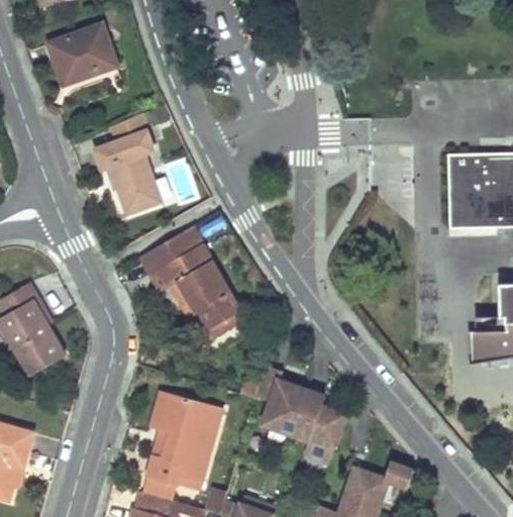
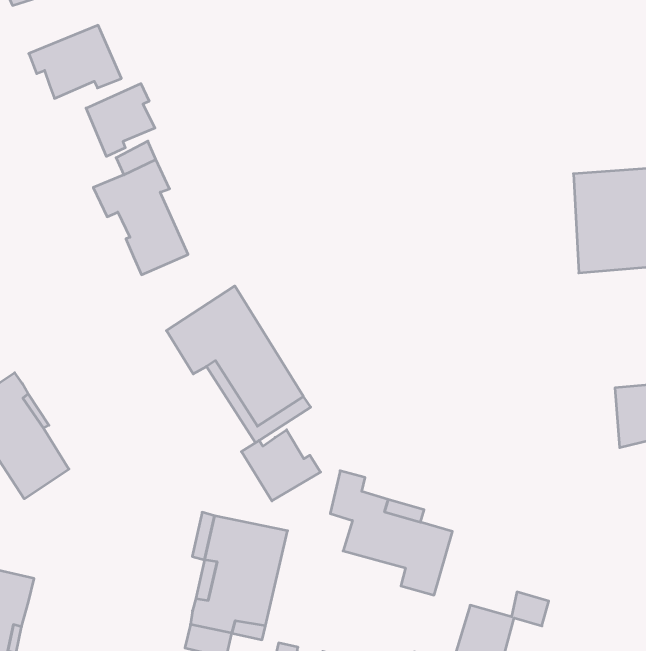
building: none -> [86,84,155,156]
building: none -> [241,430,321,501]

